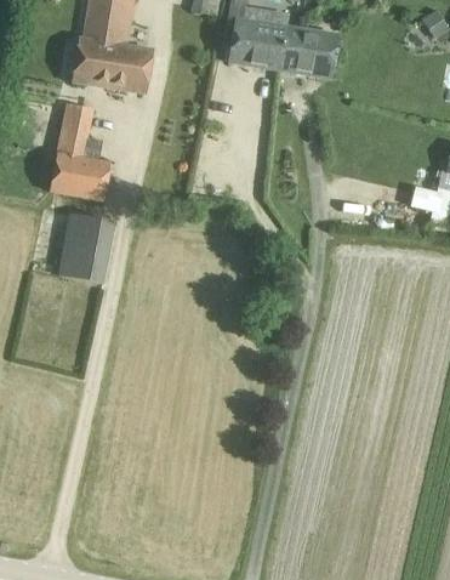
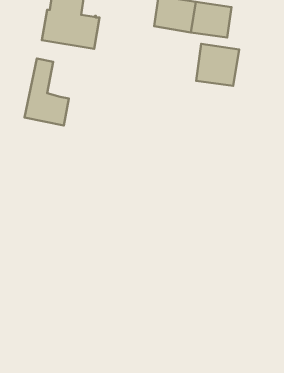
building: none -> [196,44,239,86]
building: [59,211,114,282] -> none

